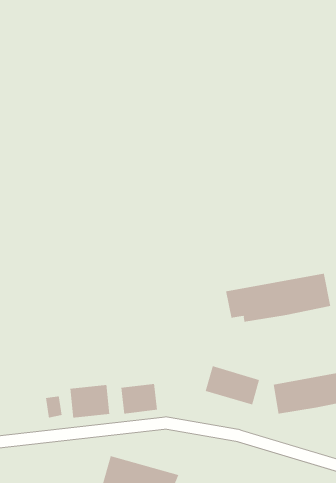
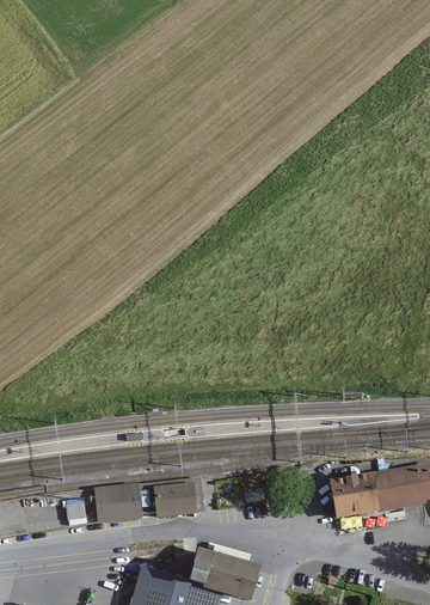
building: [226,273,331,322] -> none
building: [205,366,260,405] -> [192,546,257,593]

